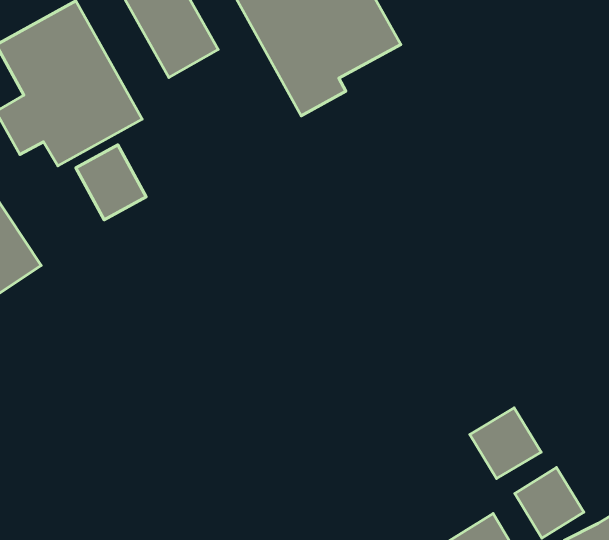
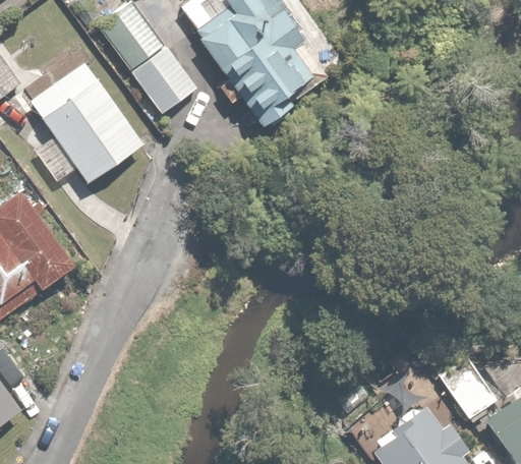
building: [76,145,146,220] -> none
building: [470,408,541,479] -> none

